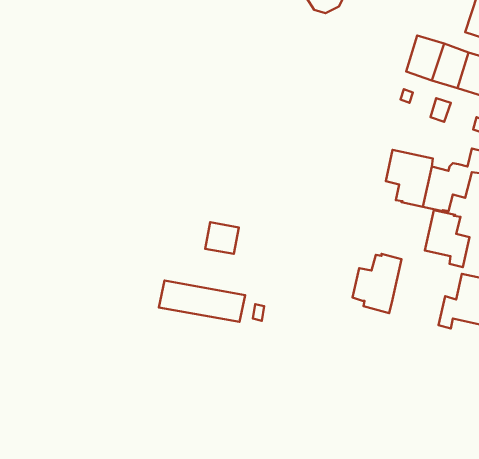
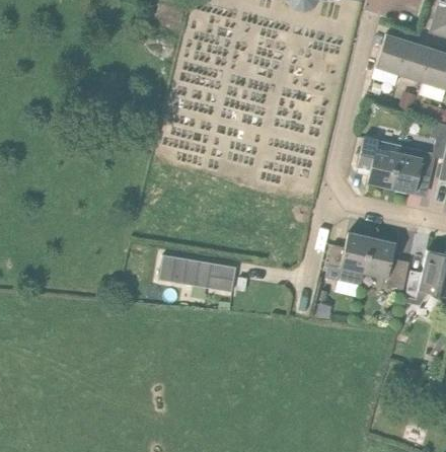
building: [425,210,470,267] -> [365,236,405,288]
building: [205,222,239,254] -> none

